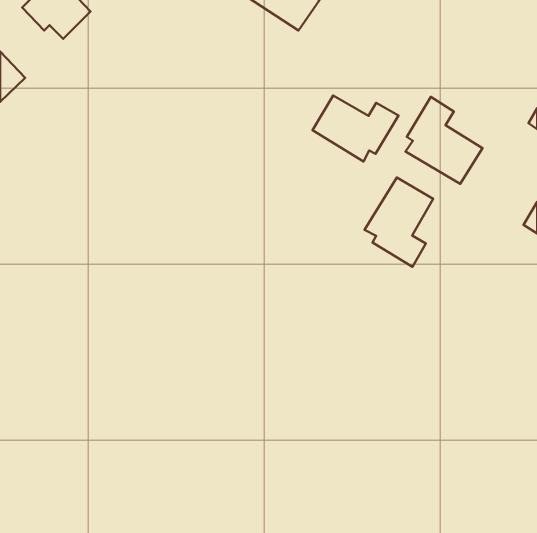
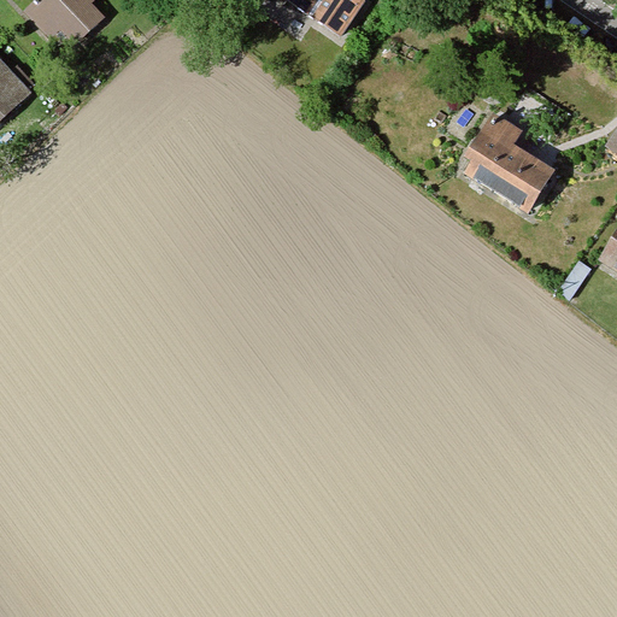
building: [313,95,399,161] -> none
building: [365,177,433,267] -> none

